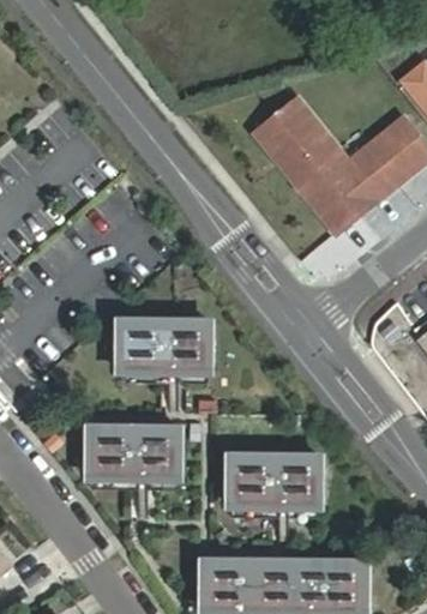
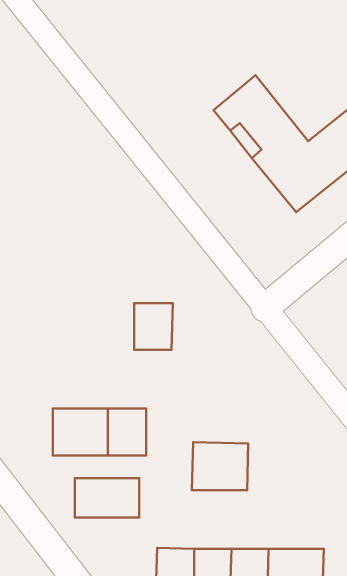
building: [120,324,175,371] -> none
building: [288,464,326,511] -> none
building: none -> [75,478,139,518]

